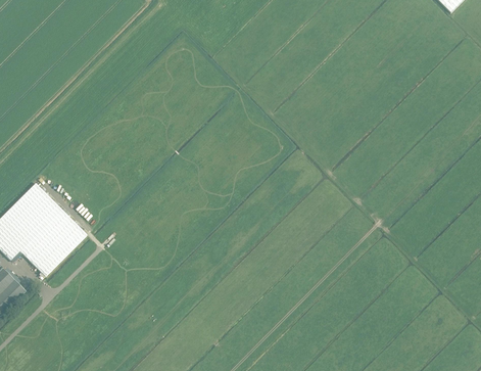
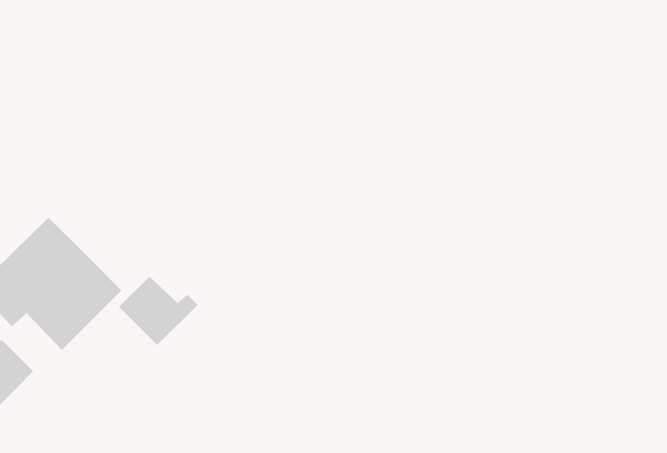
building: none -> [118,276,198,346]

